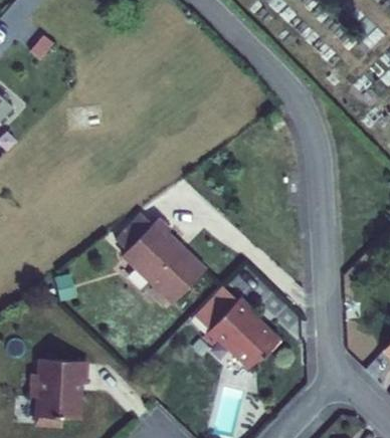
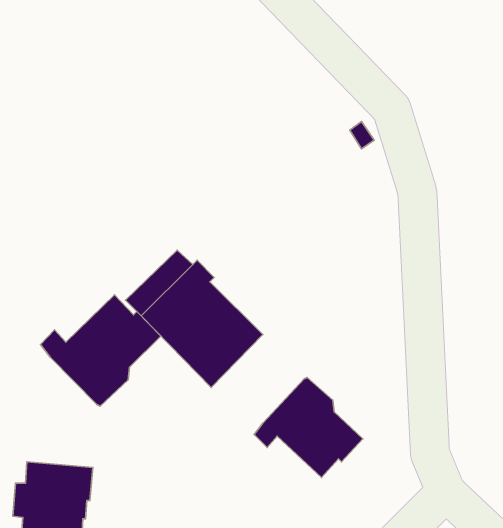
building: none -> [41,295,161,406]
building: [191,283,237,330] -> none

